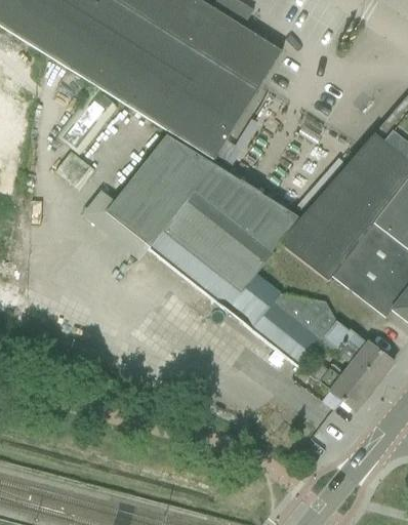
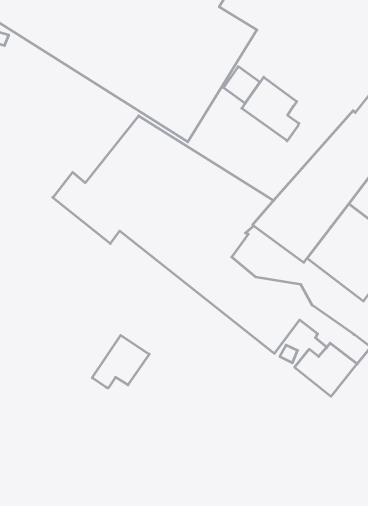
building: none -> [242,77,299,141]
building: none -> [92,335,149,388]

